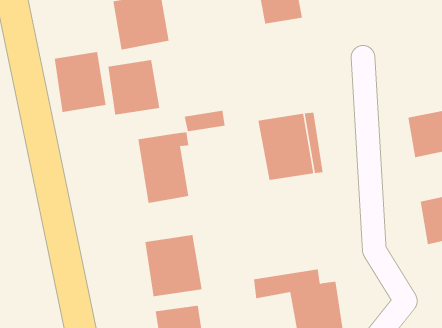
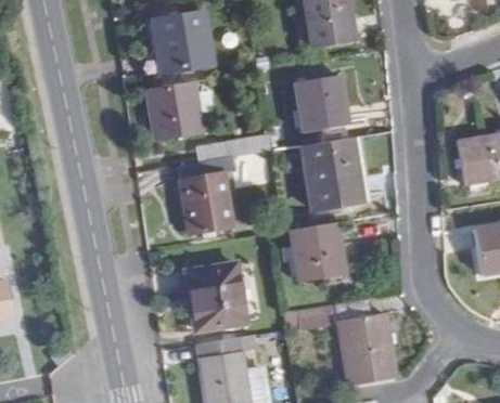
building: [54,51,106,113] -> none
building: none -> [295,75,348,130]
building: none -> [290,222,346,283]

